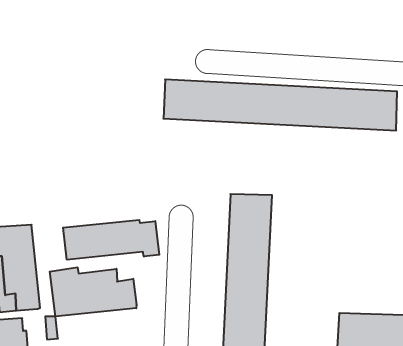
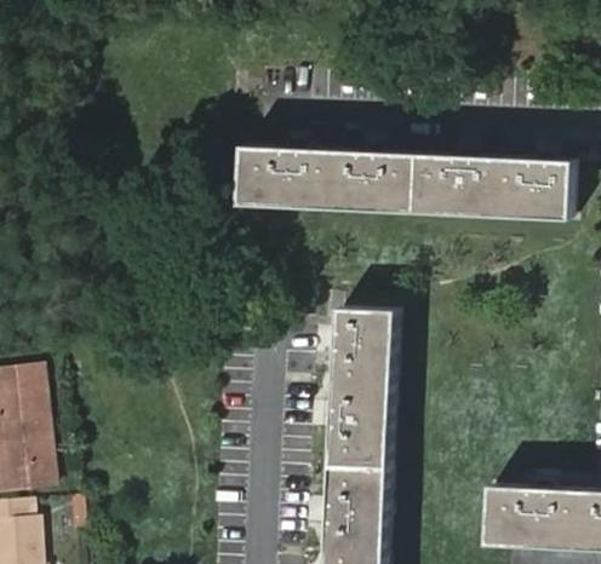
building: [63,220,159,260] -> none
building: [50,267,136,316] -> none

